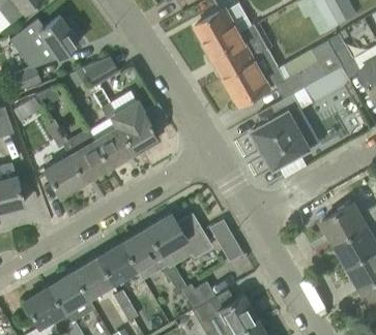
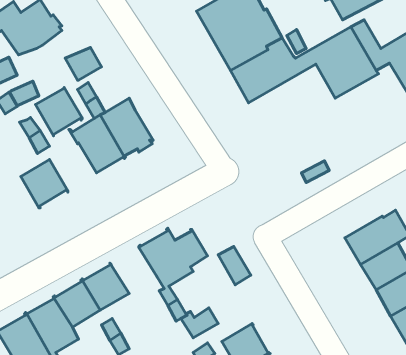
building: [251,94,320,167] -> none
building: [68,140,109,181] -> [35,88,82,136]
building: [120,230,167,279] -> none

